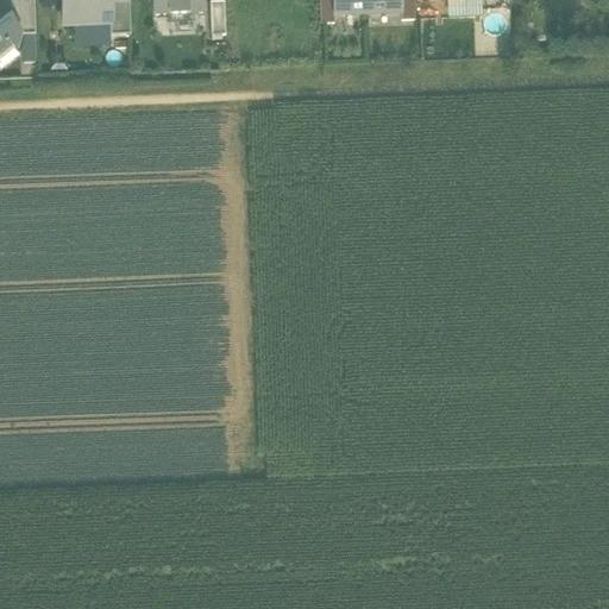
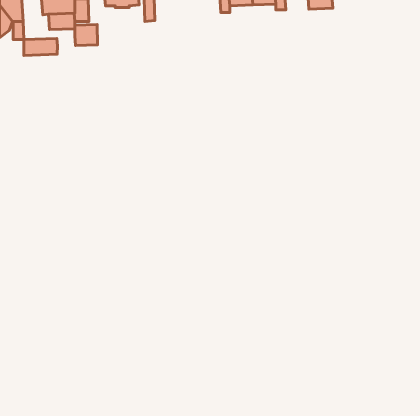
building: none -> [75,25,97,45]
building: none -> [24,38,58,55]

